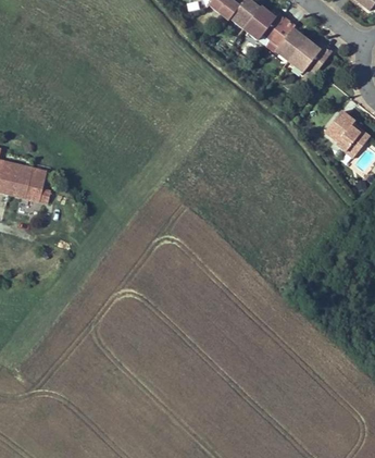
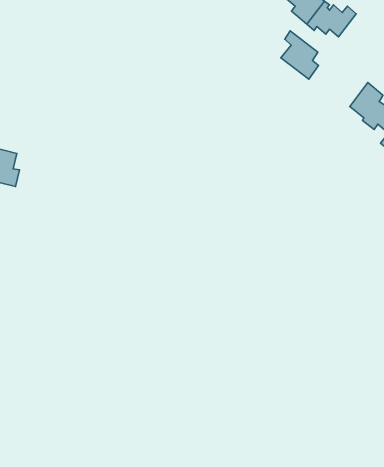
building: none -> [281,31,318,79]

